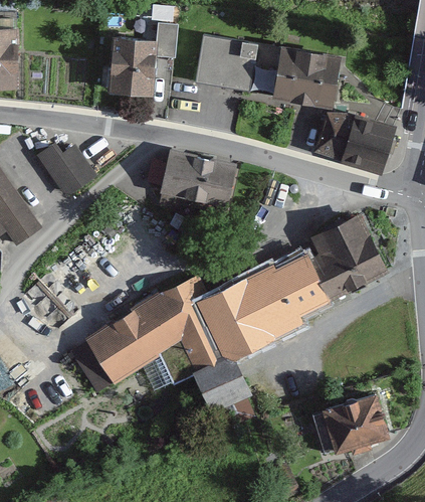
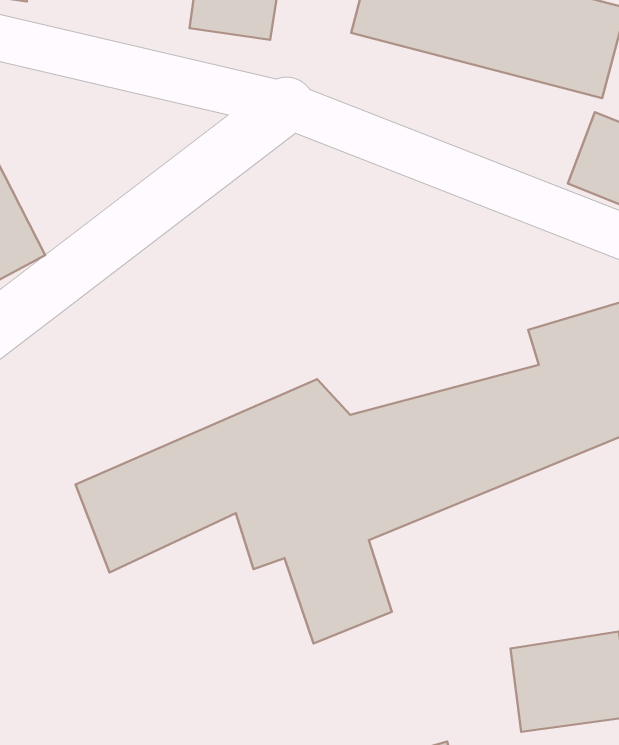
building: [40,141,97,194] -> none
building: [161,150,238,206] -> none

